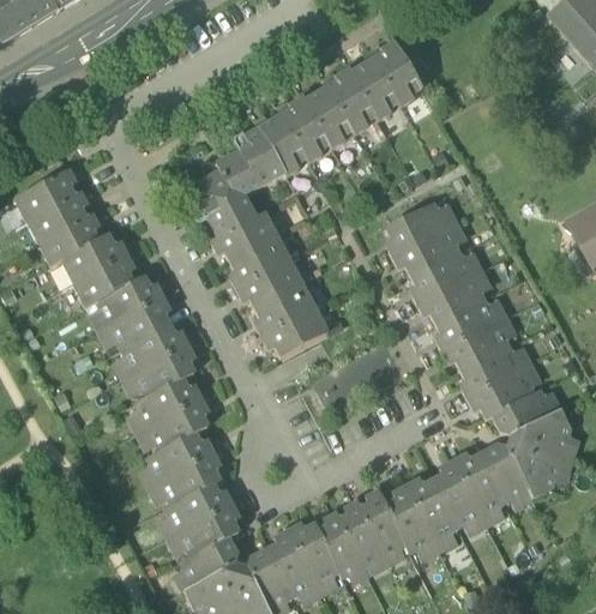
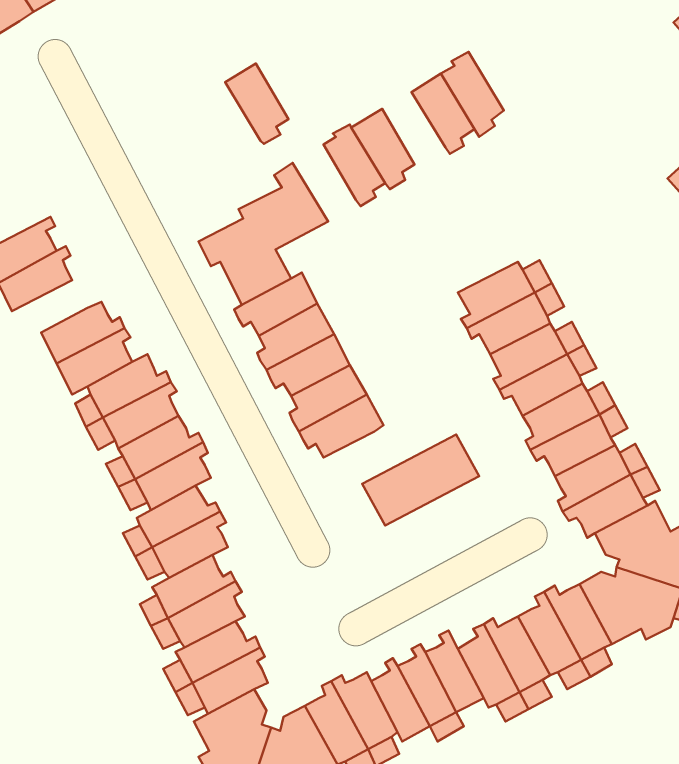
building: [326,68,375,134] -> none
building: [257,113,306,175] -> [225,64,288,144]
building: [38,215,97,265] -> none

